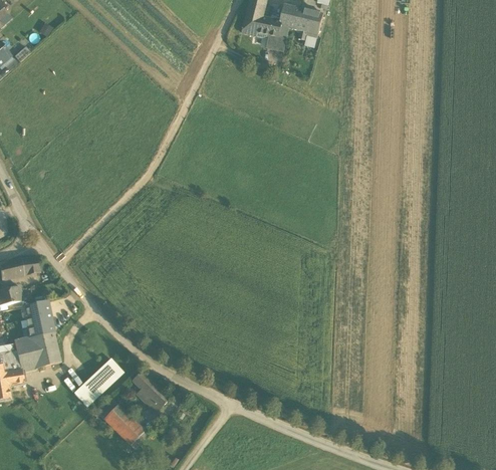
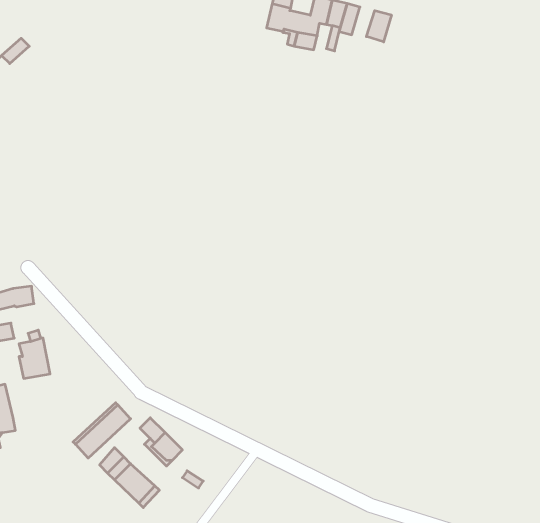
building: none -> [366,11,391,42]
building: [14,332,60,371] -> none

